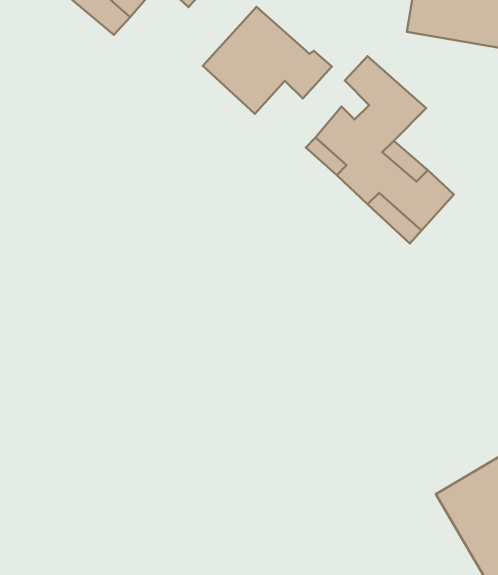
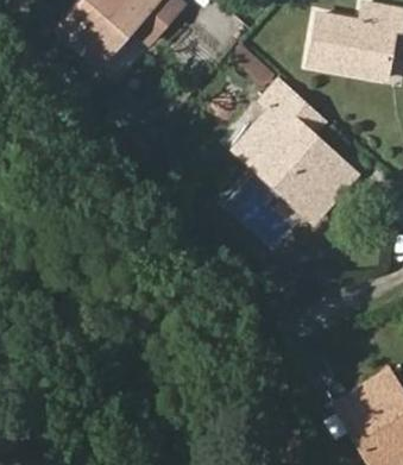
building: [203,7,332,114] -> none

